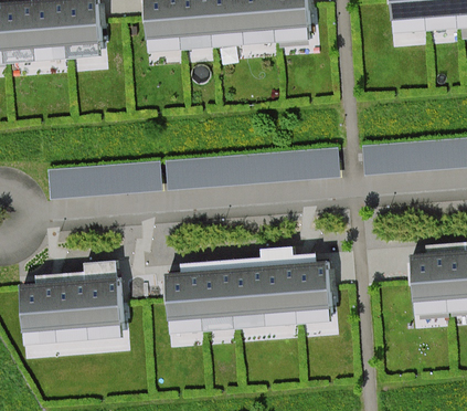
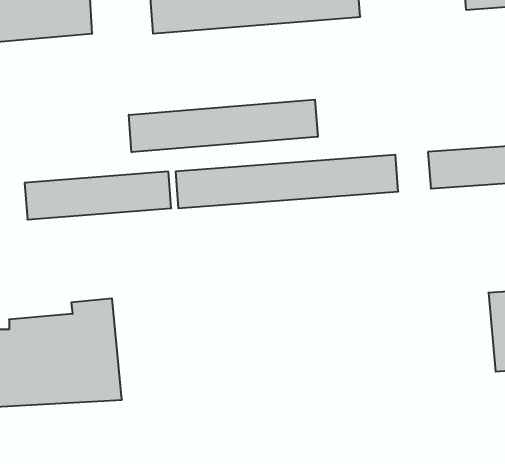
building: none -> [129,100,318,152]
building: [166,247,331,333] -> none

